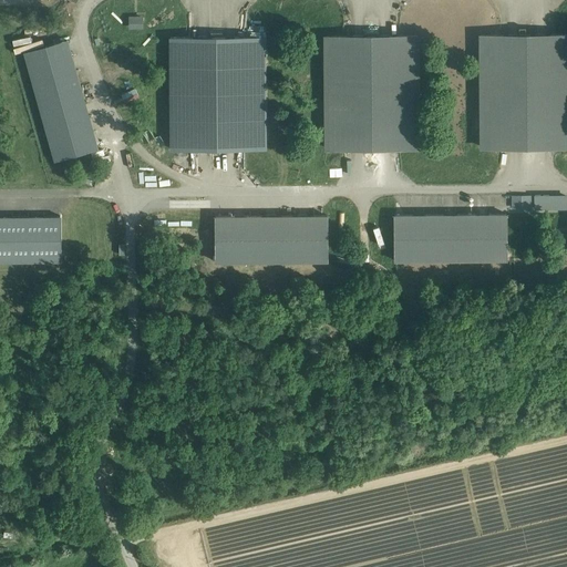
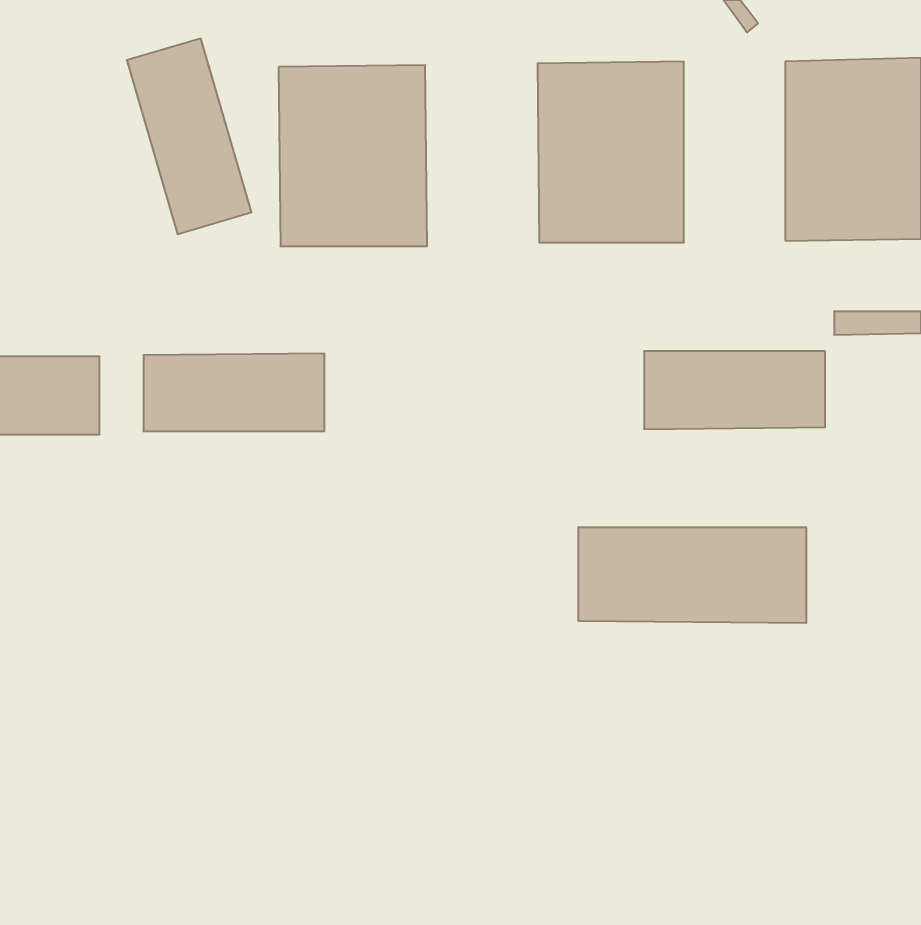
building: [22,41,99,161] -> [127,39,252,234]
building: [217,217,328,265] -> [143,353,324,431]
building: none -> [579,527,806,623]

